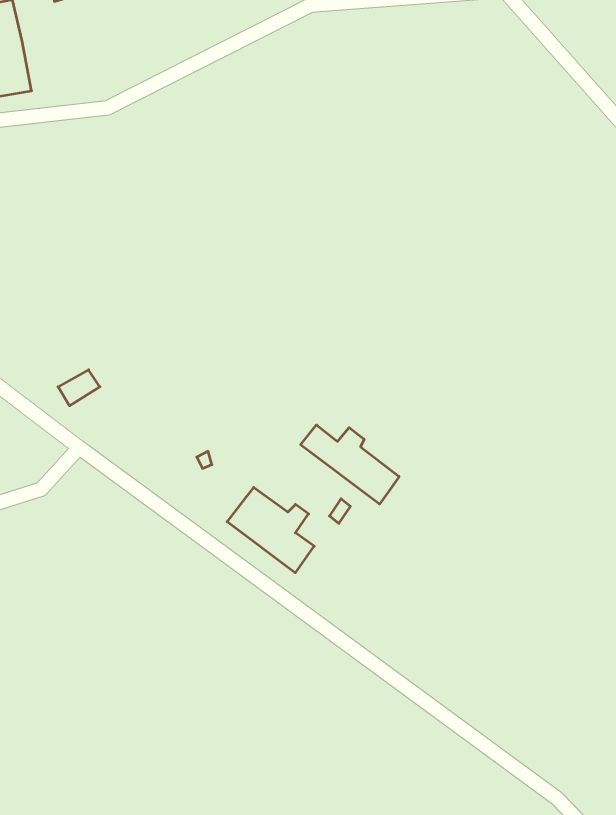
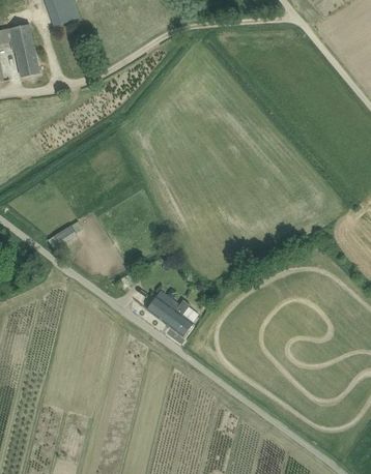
building: [301,425,399,504] -> none

